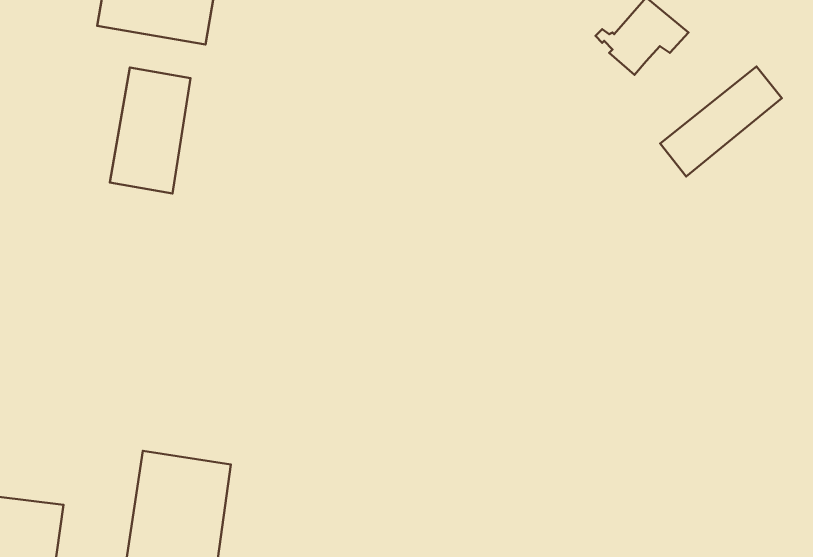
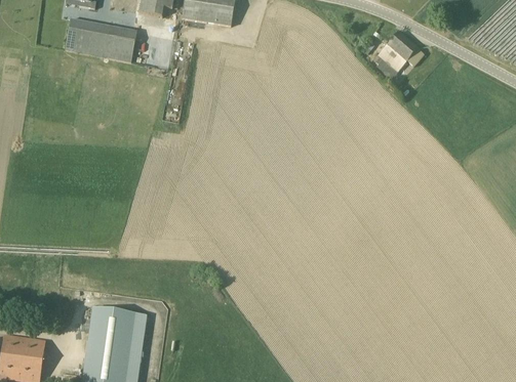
building: [660,67,782,176] -> none
building: [110,68,190,193] -> none

